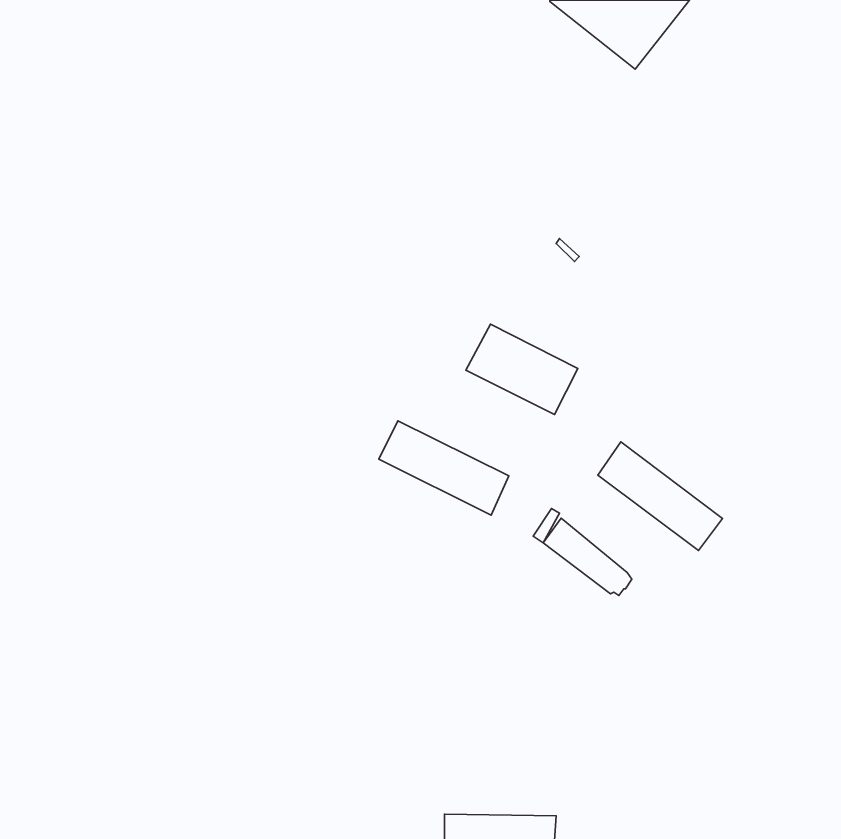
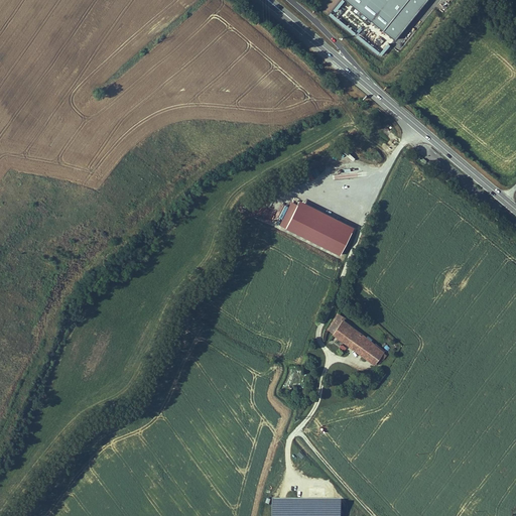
building: [379,421,509,515] -> none
building: [598,442,723,550] -> none

